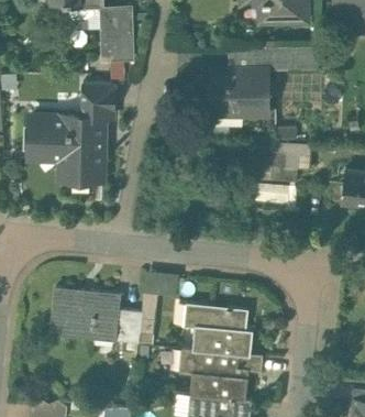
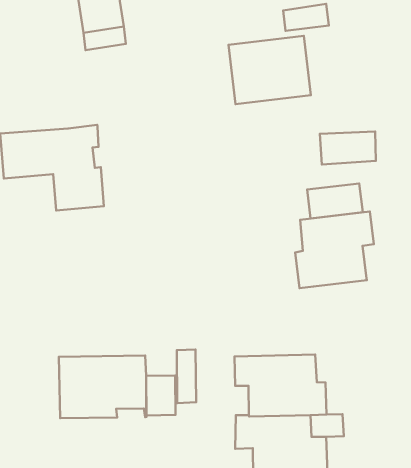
building: [82,84,113,120] -> none
building: none -> [295,211,374,288]

